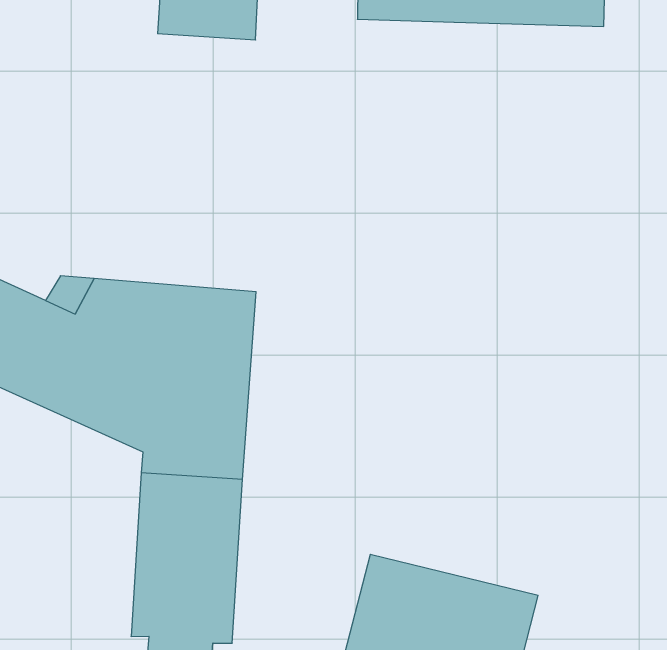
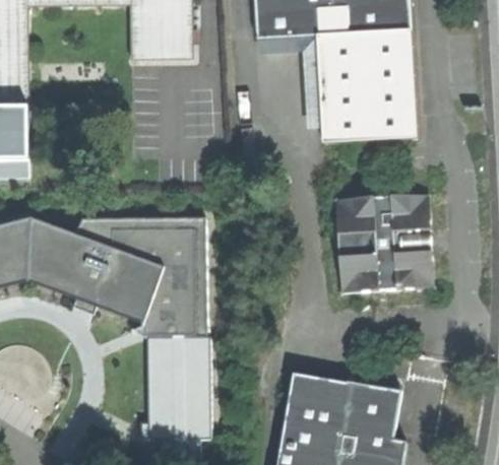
building: none -> [317,30,417,143]
building: none -> [334,192,433,290]

